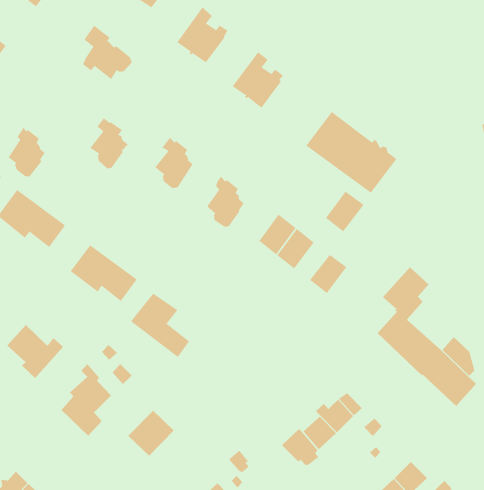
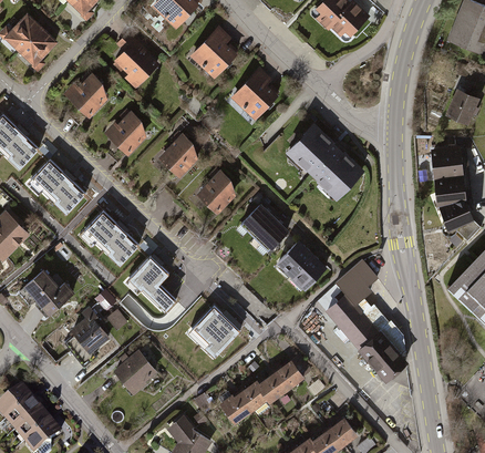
building: [8,127,45,177] -> [73,73,104,114]
building: [325,191,365,232] -> [291,255,324,288]
building: none -> [192,307,239,354]
building: none -> [221,393,251,422]

